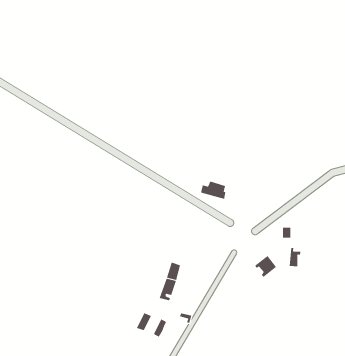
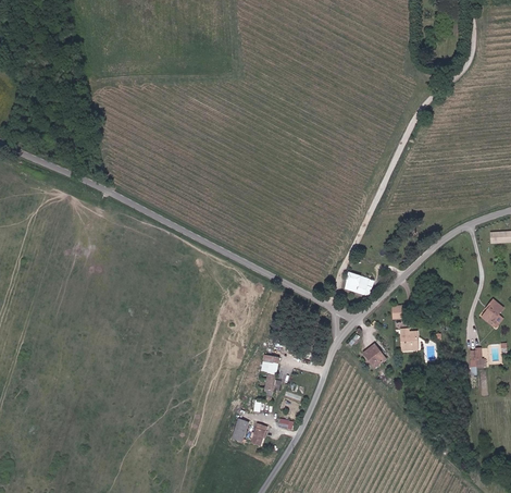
building: [201,181,226,199] -> [341,272,372,293]

